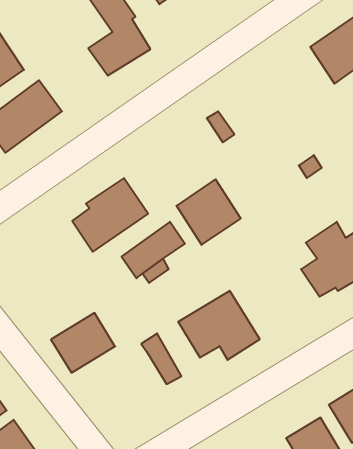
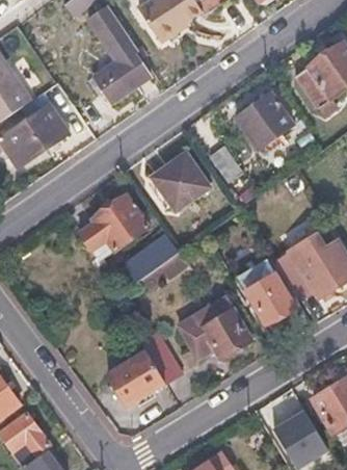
building: none -> [237,94,293,149]
building: [176,179,241,245] -> [152,152,210,211]
building: none -> [247,275,294,322]
building: [51,313,115,373] -> [108,351,166,406]

